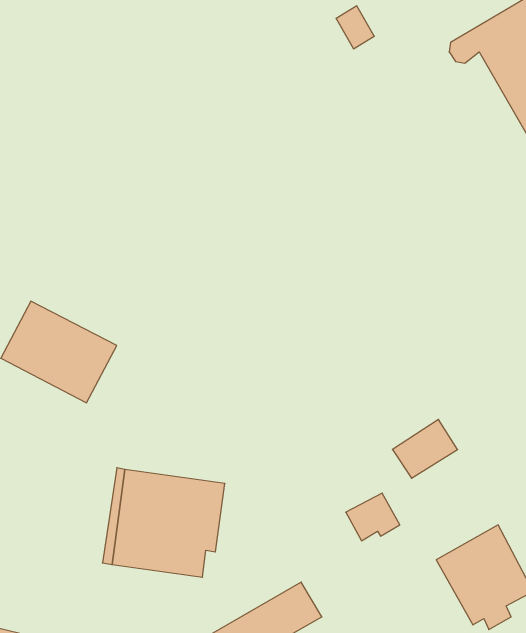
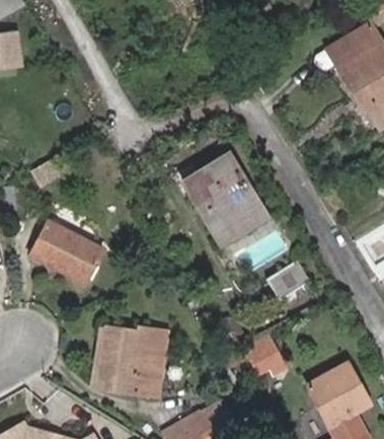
building: none -> [182,153,268,245]
building: [392,419,458,478] -> [266,261,308,298]

